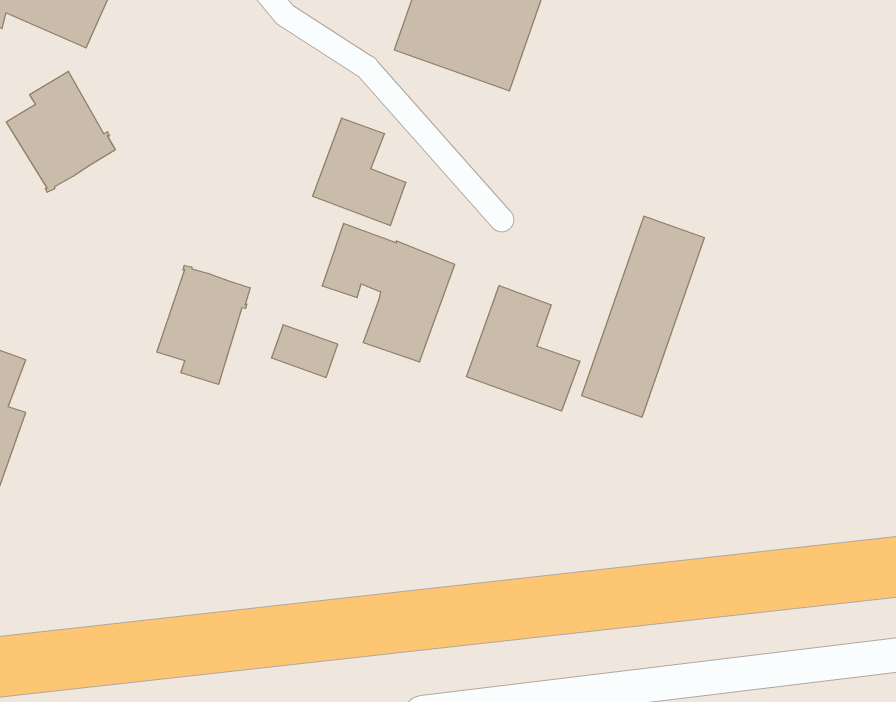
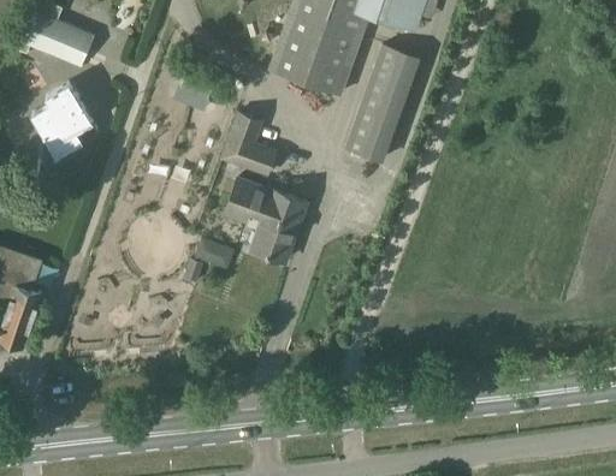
building: [582,216,704,417] -> [345,44,421,168]
building: [157,265,250,384] -> none
building: [466,285,580,411] -> none

